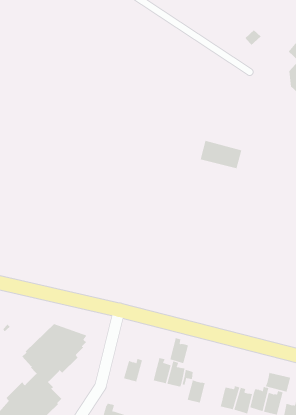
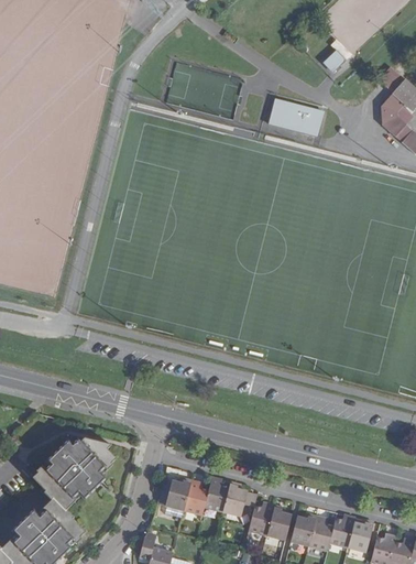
building: [200,140,242,169] -> [267,99,322,137]
building: [169,338,189,364] -> [183,480,208,514]
building: [265,372,291,393] -> none
building: none -> [265,507,292,541]

